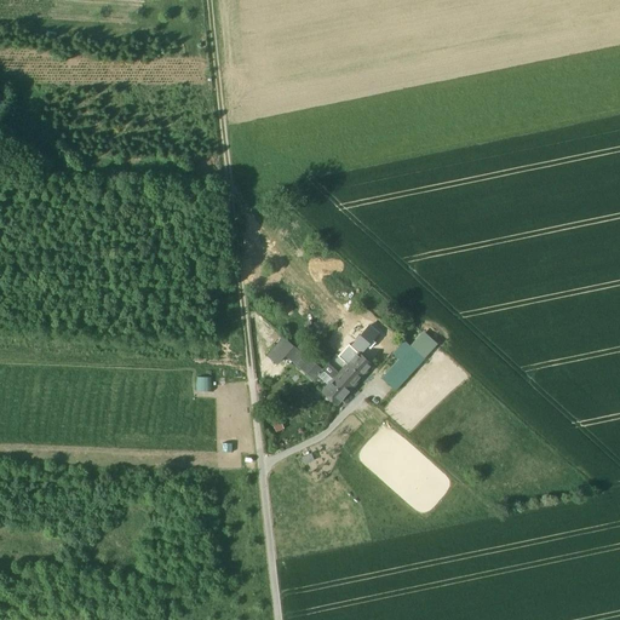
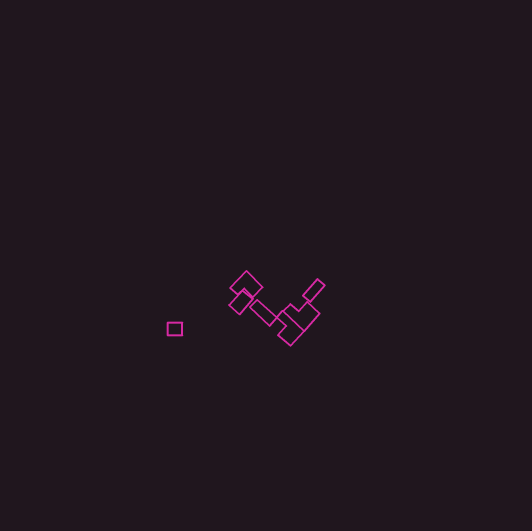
building: none -> [230,271,263,297]
building: [381,333,435,389] -> none

